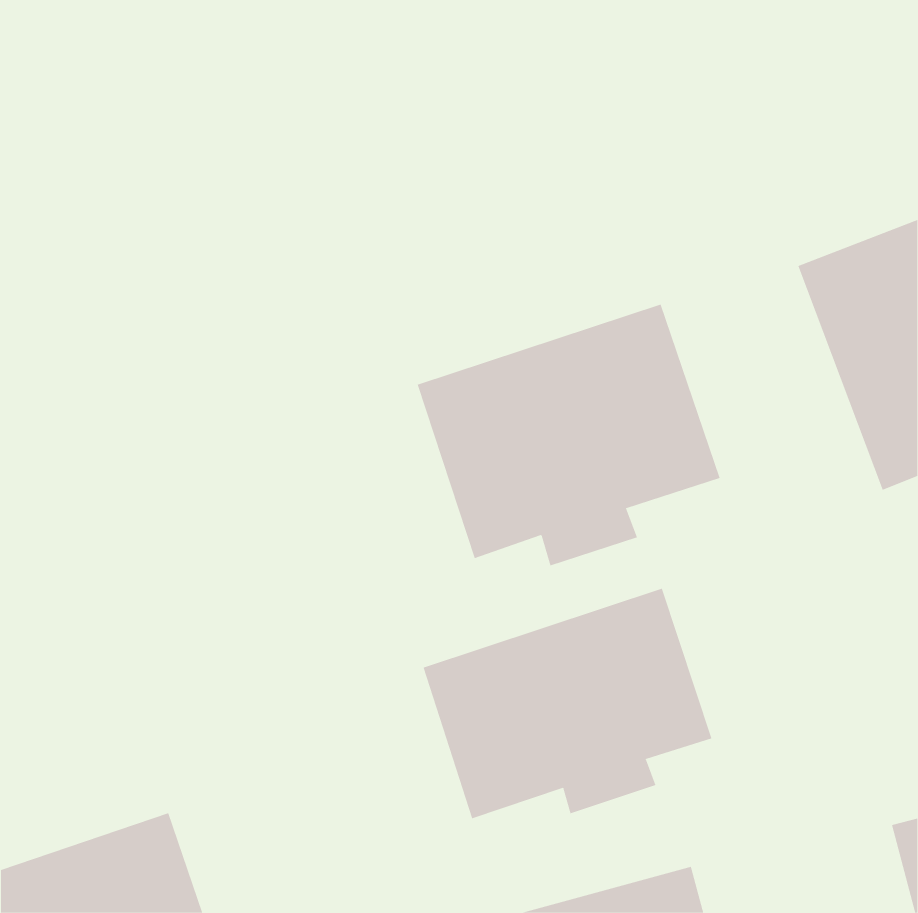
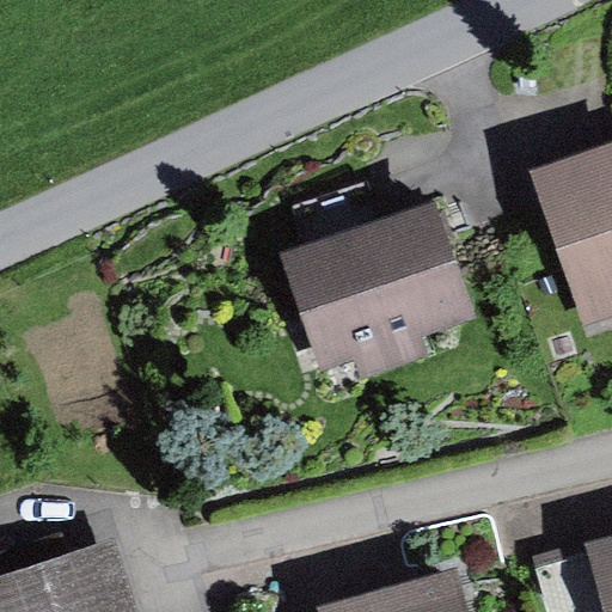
building: [423,588,712,819] -> none

